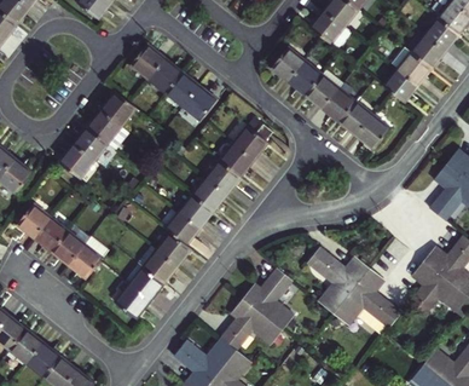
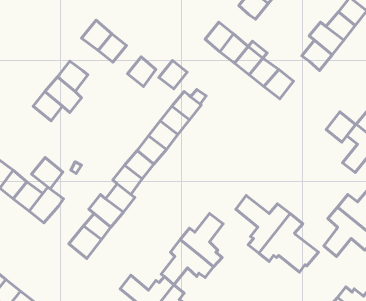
building: [164,74,197,106] -> [159,61,187,89]
building: [357,115,390,150] -> [326,112,355,142]
building: [57,144,93,180] -> [31,157,63,189]

